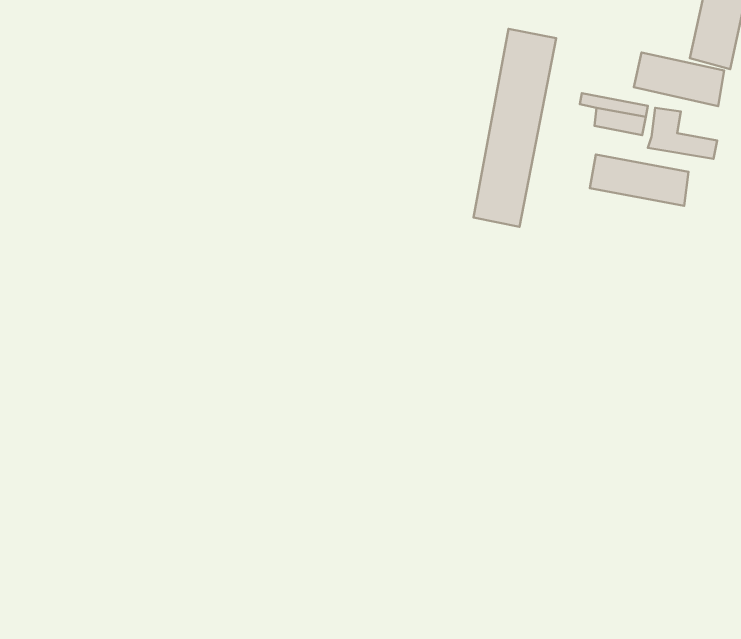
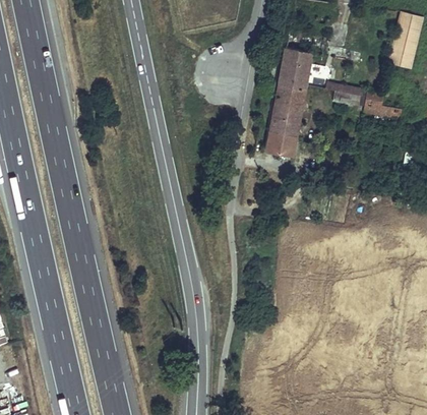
building: [634,52,724,106] -> none
building: [590,155,689,206] -> none

